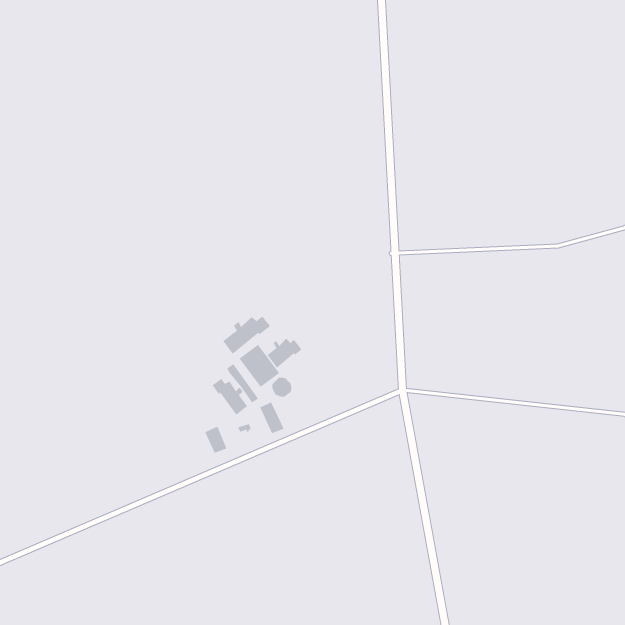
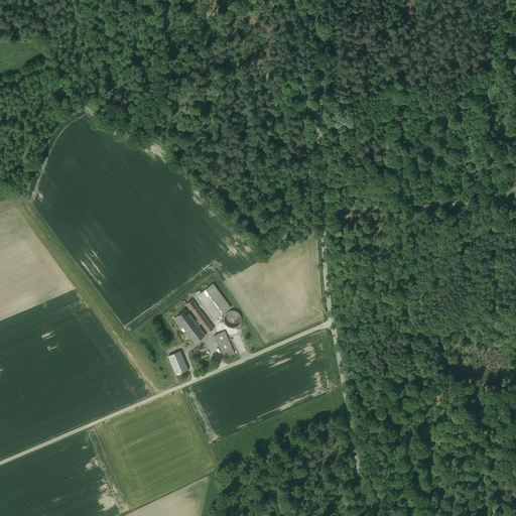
building: [222,315,271,355] -> none
building: [267,338,303,369] -> none

